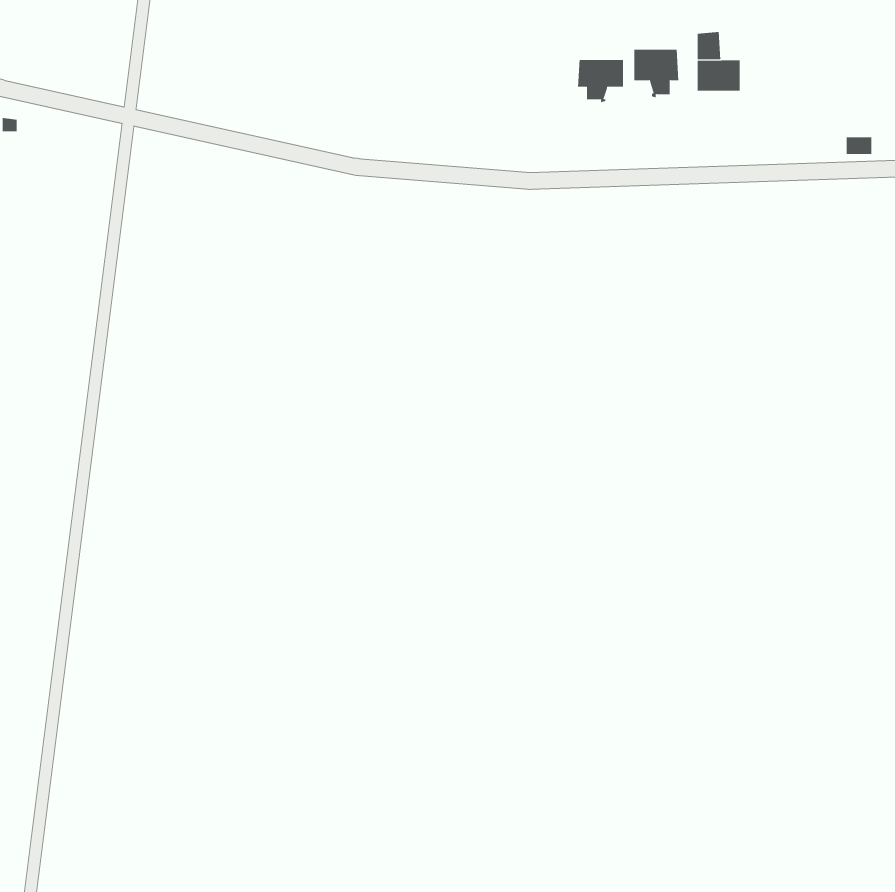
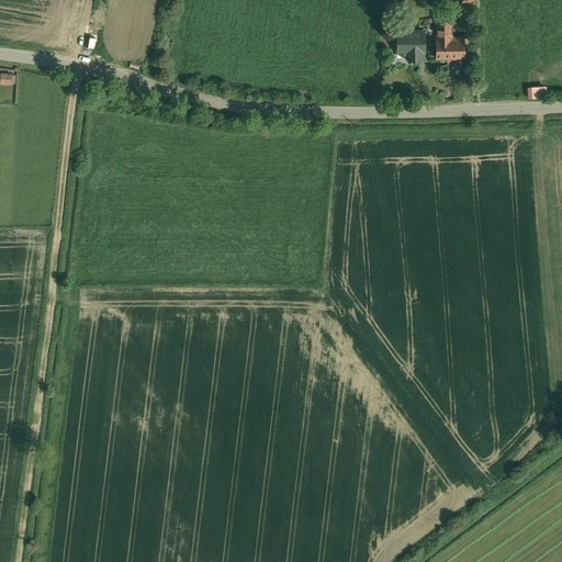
building: [578,59,624,103] -> none

